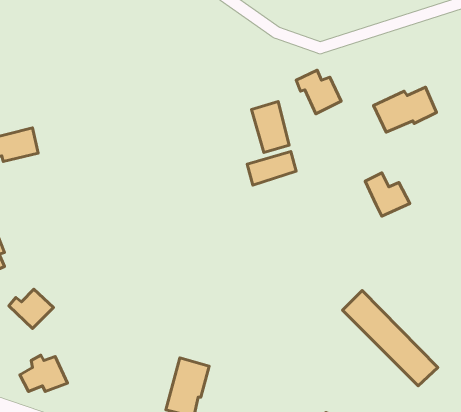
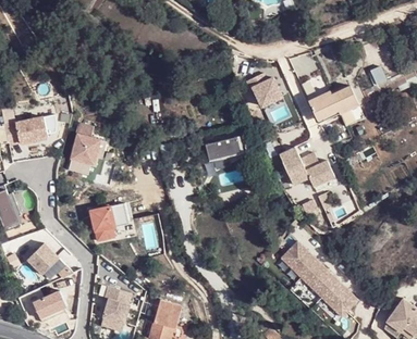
building: [252,101,289,153] -> none
building: none -> [69,123,105,172]
building: none -> [278,146,308,185]
building: none -> [88,201,126,239]
building: none -> [102,285,130,321]

